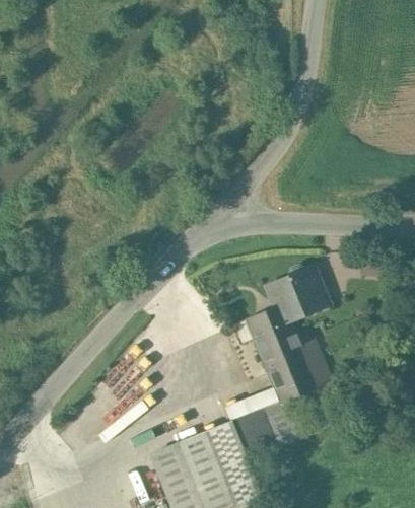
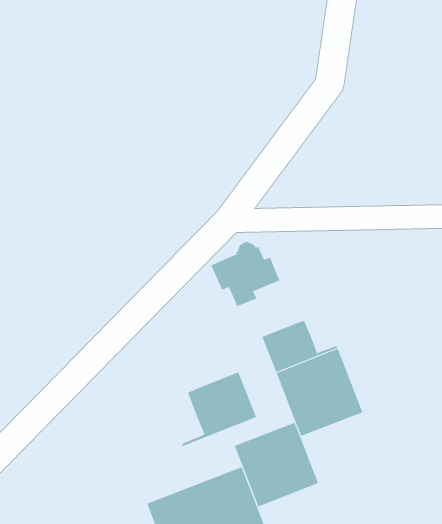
building: [269,266,328,321] -> [211,241,280,307]
building: none -> [181,372,257,447]

